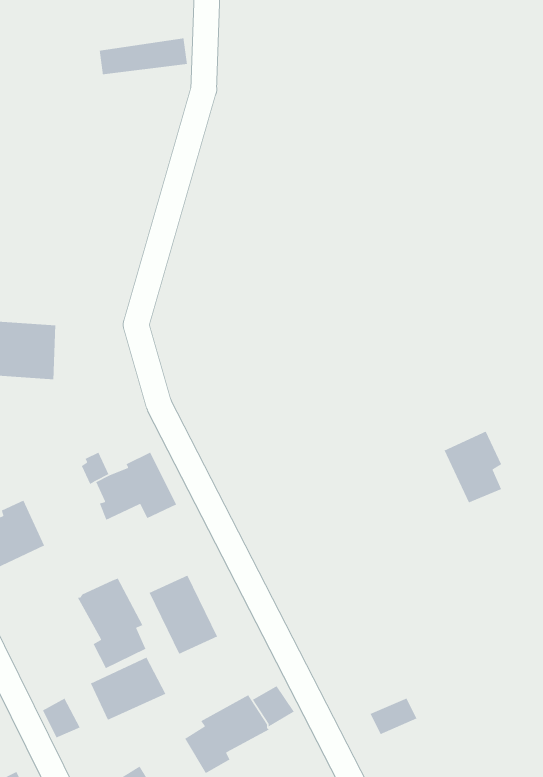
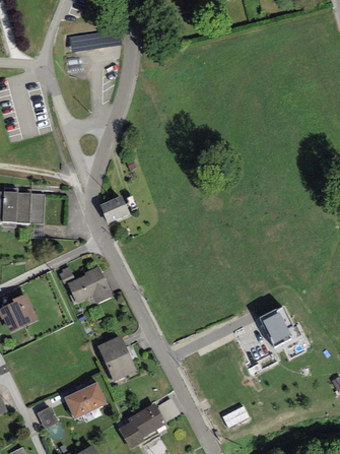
building: none -> [98,195,129,222]
building: [443,431,502,504] -> [259,306,292,347]
building: [77,577,146,669] -> none

